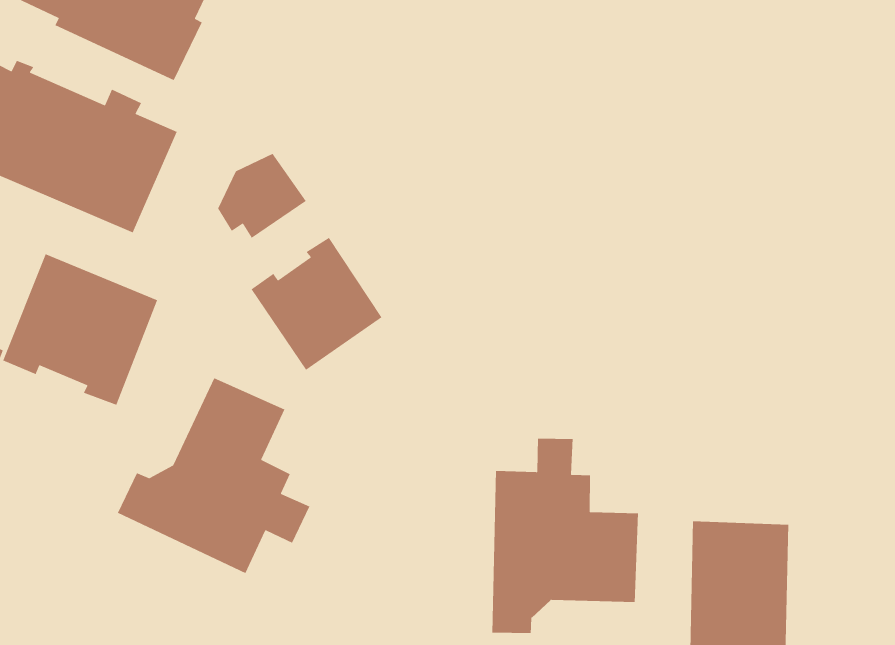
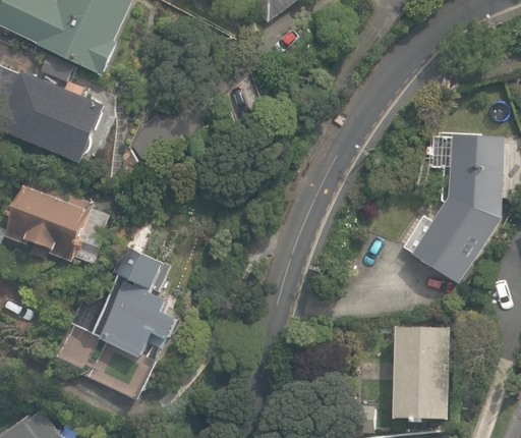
building: none -> [411,134,502,283]
building: [250,237,383,371] -> none
building: [492,438,639,634] -> none

